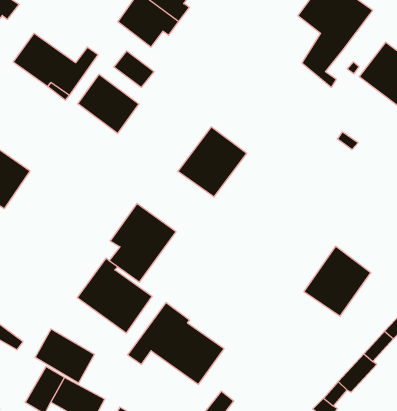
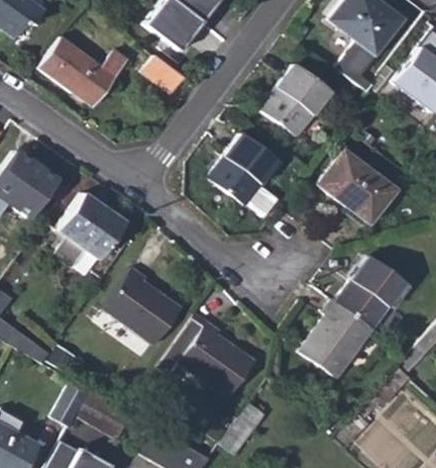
building: none -> [259,64,330,136]
building: [78,74,139,134] -> none
building: none -> [318,150,395,223]
building: [109,203,176,282] -> [57,192,125,273]
building: none -> [301,299,374,378]
building: [35,329,95,383] -> none

